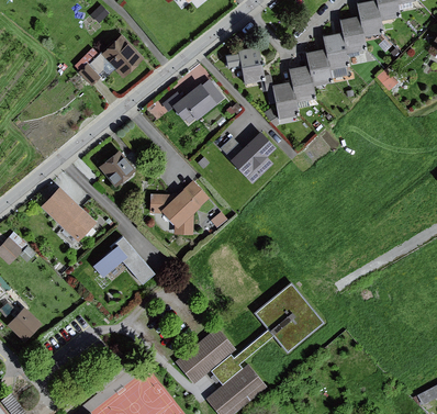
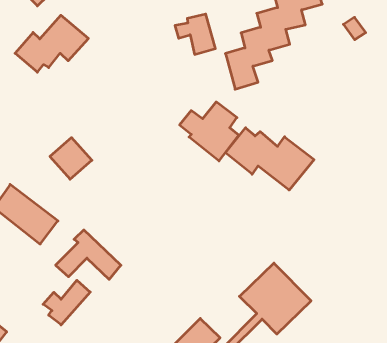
building: [161,79,225,127] -> none
building: none -> [225,128,314,190]
building: [149,180,209,236] -> none
building: none -> [43,280,90,325]

